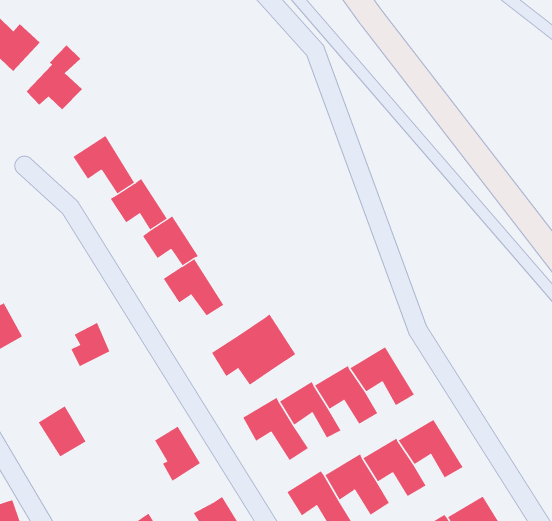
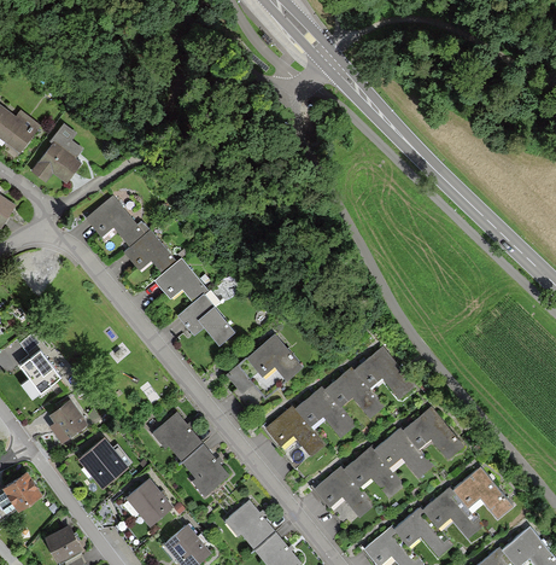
building: [71,322,110,367] -> [52,398,87,439]
building: none -> [158,412,206,459]
building: none -> [130,477,175,523]

